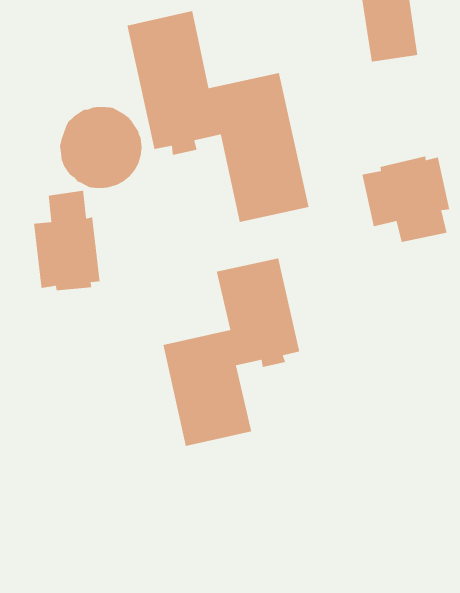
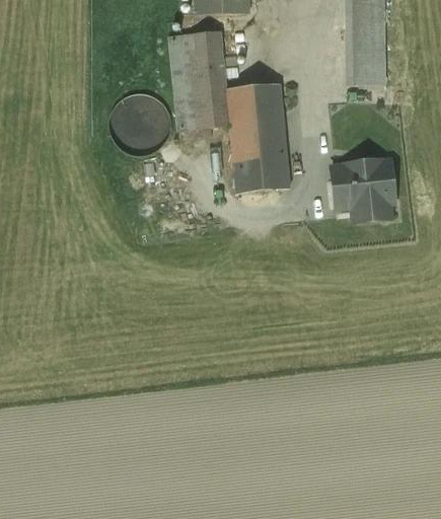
building: [33,190,101,291] -> none
building: [162,257,300,447] -> none

